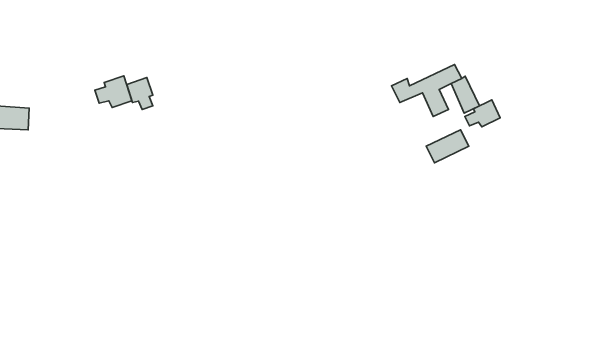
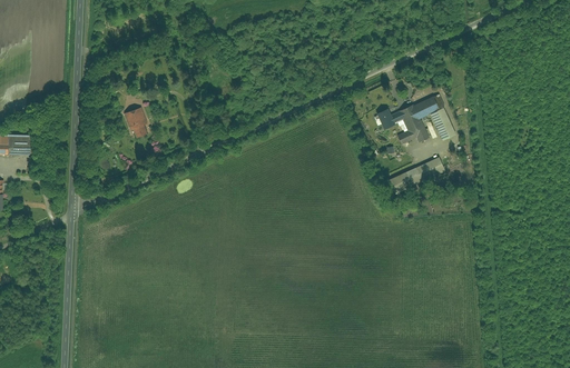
building: [95,76,132,107] -> none
building: [465,100,500,127] -> none

